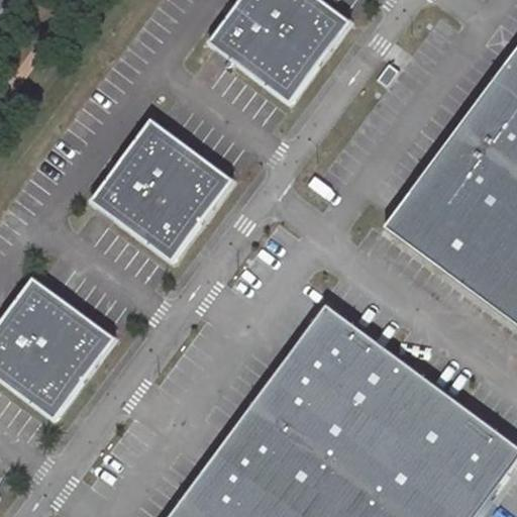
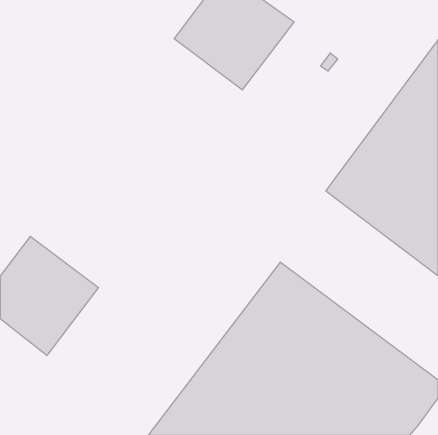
building: [91,119,231,260] -> none

